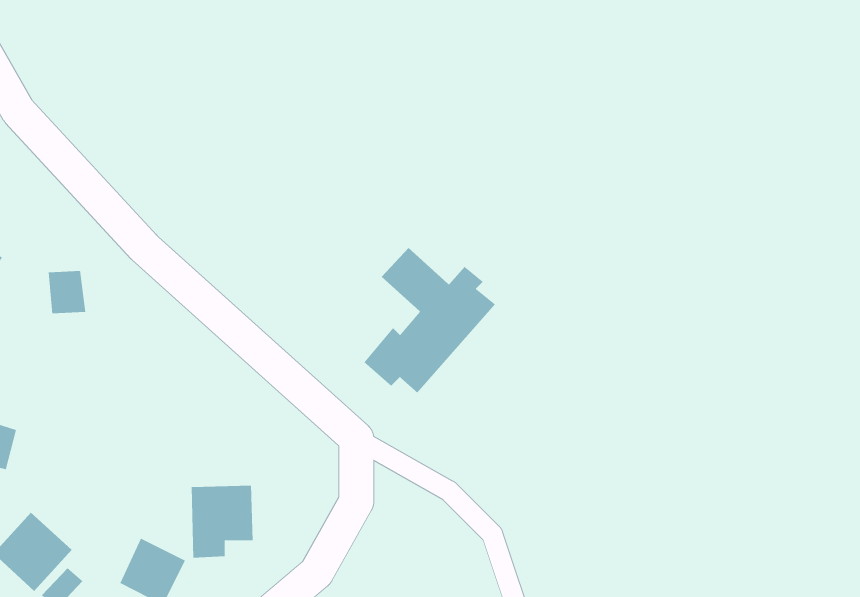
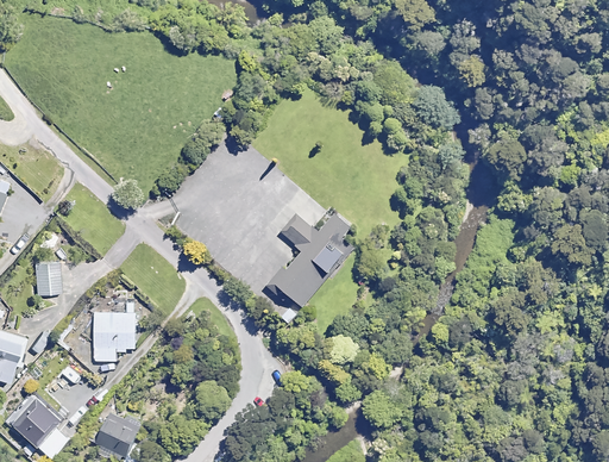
building: [48,270,86,314] -> [34,263,61,293]
building: [191,485,254,558] -> [93,311,136,361]

